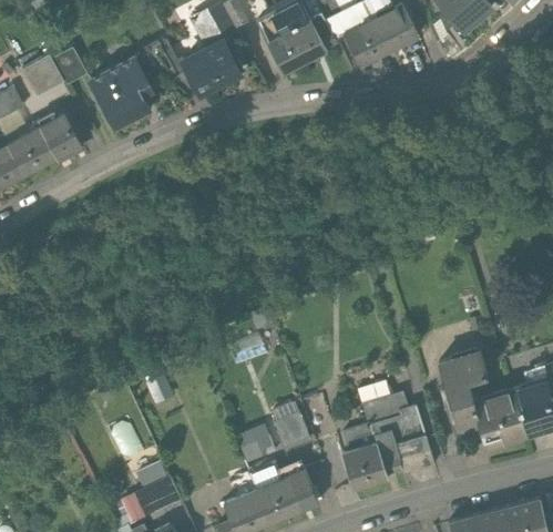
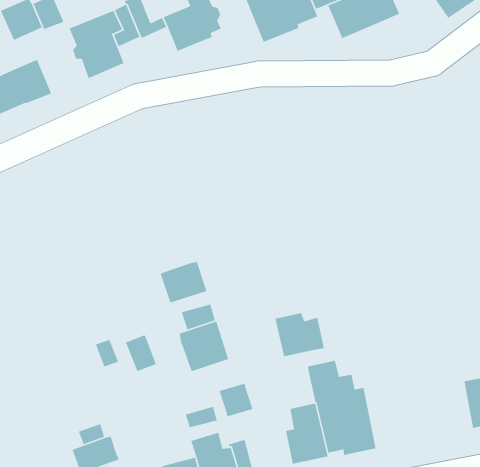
building: none -> [160,261,207,304]
building: none -> [274,312,325,357]
building: none -> [179,321,229,372]
building: [442,355,526,449] -> none
building: none -> [125,334,157,372]

